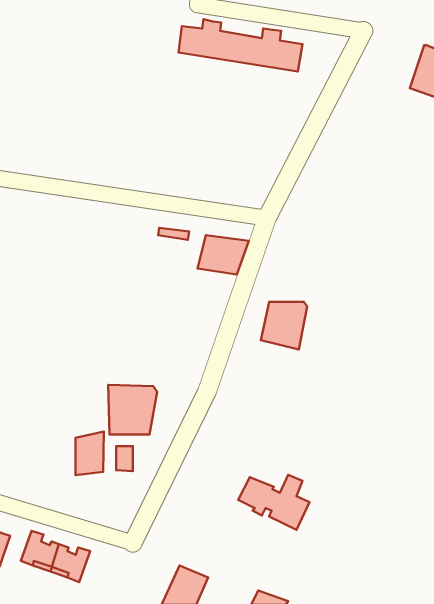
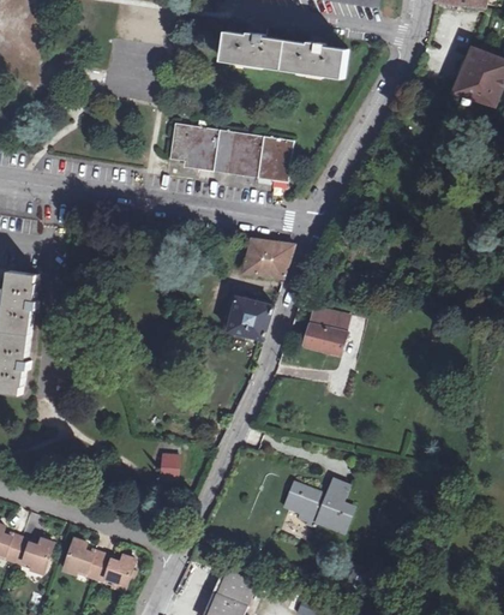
building: none -> [168,118,292,174]
building: none -> [226,299,271,344]
building: [108,385,157,434] -> none
building: [75,432,104,475] -> none

